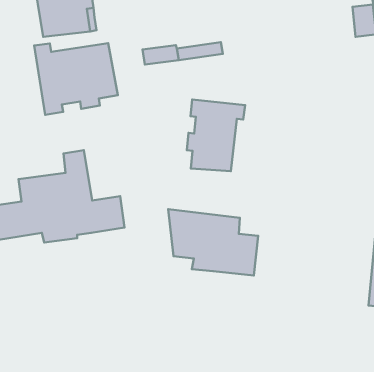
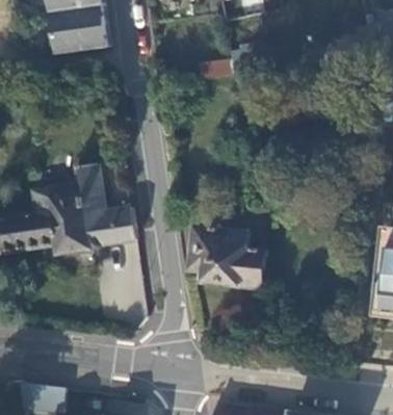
building: [34,43,118,115] -> none
building: [187,99,245,171] -> none

